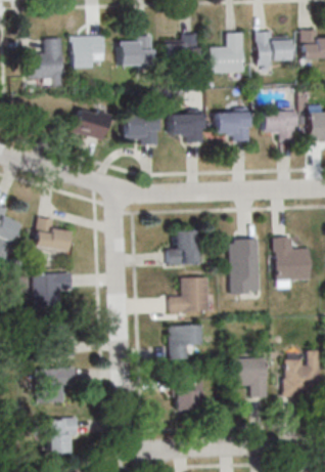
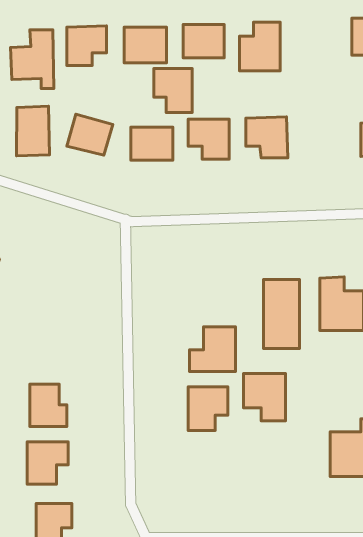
building: [256,32,289,65] -> none
building: none -> [154,69,192,113]
building: none -> [17,106,49,156]
building: [262,110,295,141] -> none
building: [34,217,69,251] -> none
building: [169,231,196,264] -> none
building: [34,273,72,306] -> none
building: [233,358,267,396] -> [243,373,286,421]
building: [176,376,203,410] -> none

